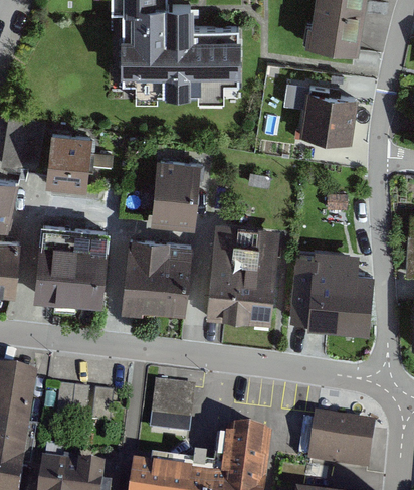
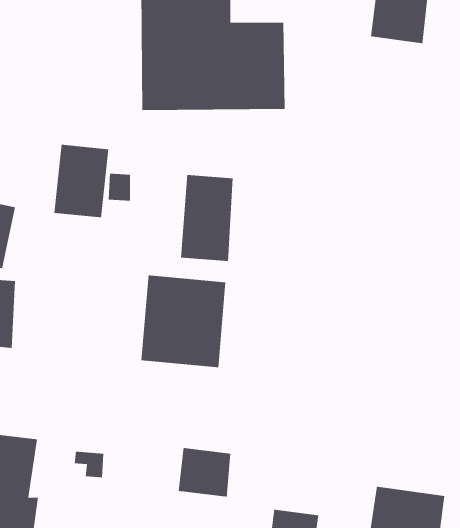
building: [298,92,358,145] -> none
building: [205,221,276,327] -> none
building: [37,226,108,306] -> none
building: [302,251,368,331] -> none

